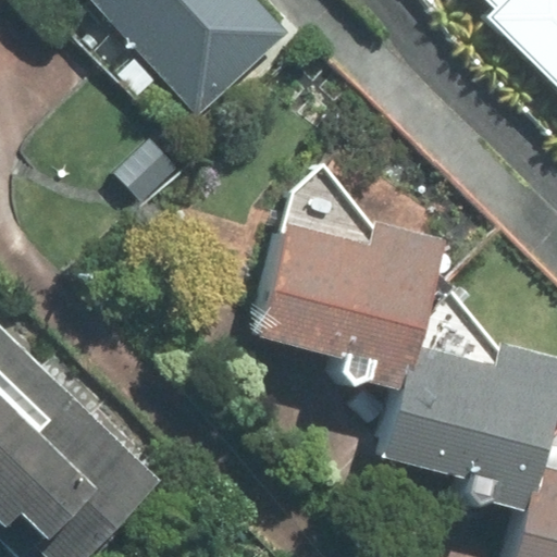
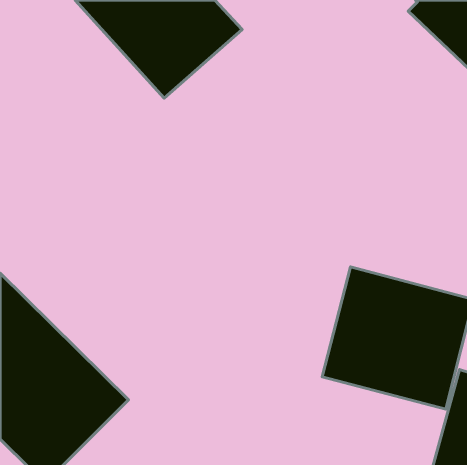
building: [252,164,440,371] -> none

